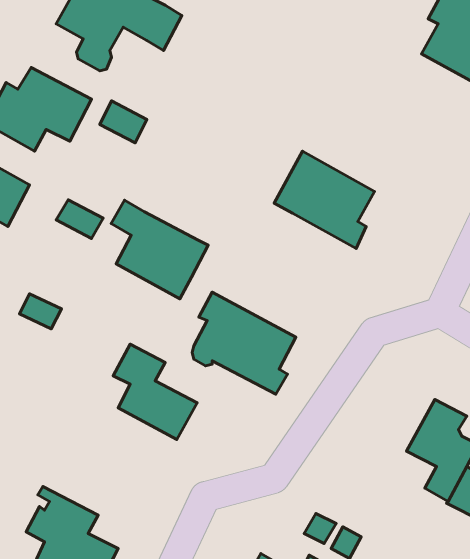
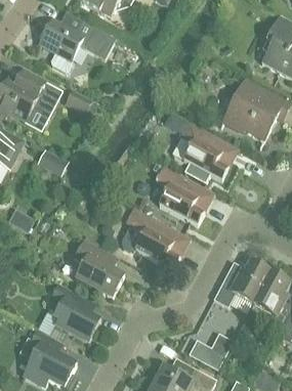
building: none -> [232,79,285,140]
building: [111,200,208,299] -> [155,165,214,225]
building: none -> [213,261,269,307]
building: none -> [51,283,100,342]

